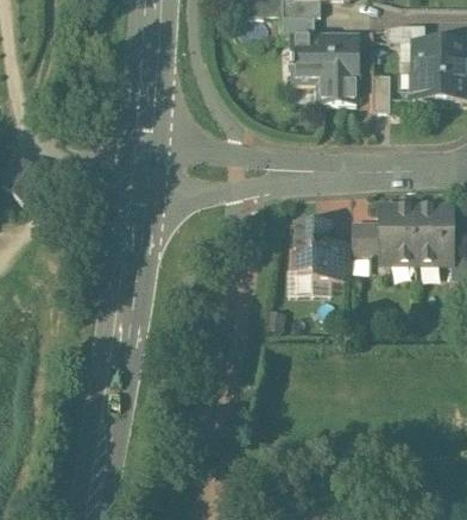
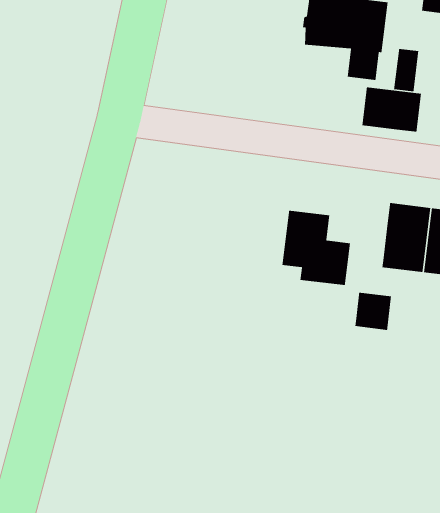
building: none -> [362,87,422,133]
building: [352,224,380,253] -> [354,292,392,331]

